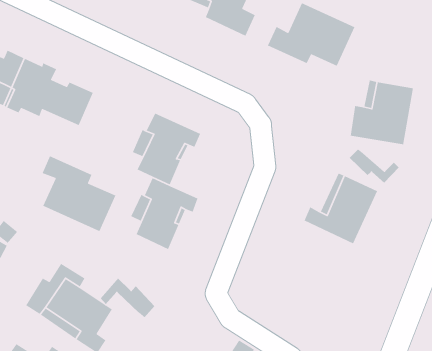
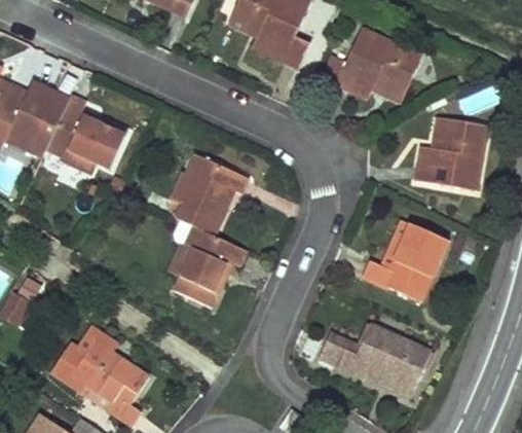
building: [349,148,400,184] -> none
building: [41,155,116,232] -> none
building: none -> [318,324,432,397]
building: [100,277,155,318] -> none

